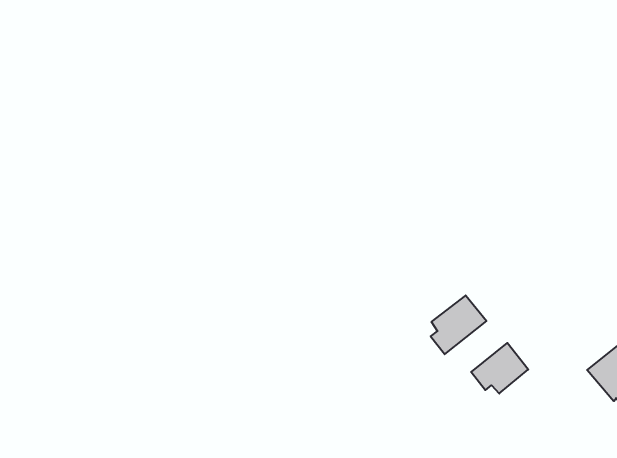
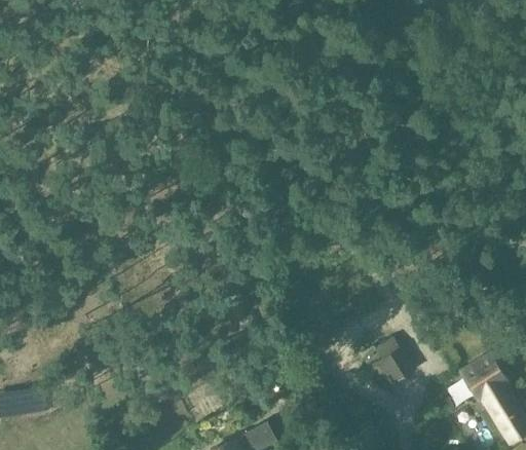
building: [431,295,486,354] -> none

